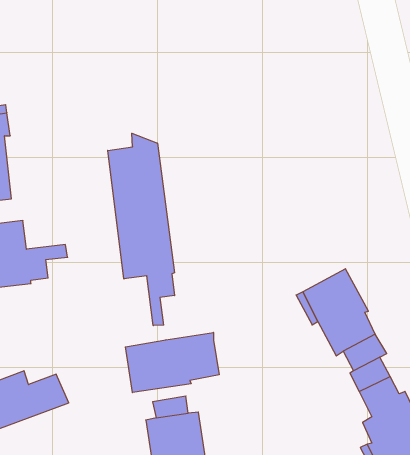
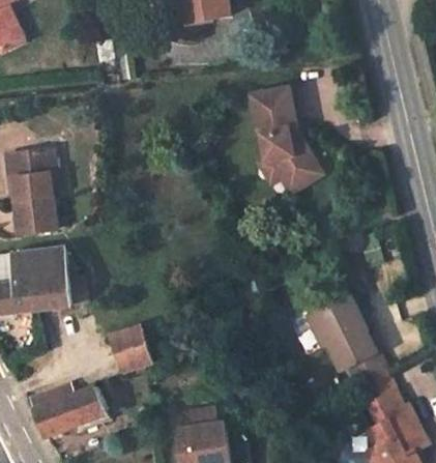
building: none -> [246,86,317,195]
building: [108,133,175,326] -> none
building: none -> [112,328,151,369]
building: [125,332,219,393] -> none

